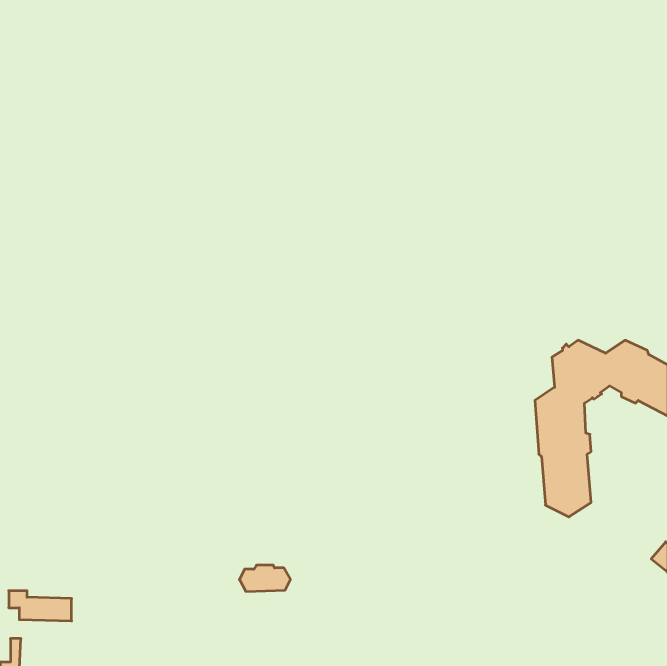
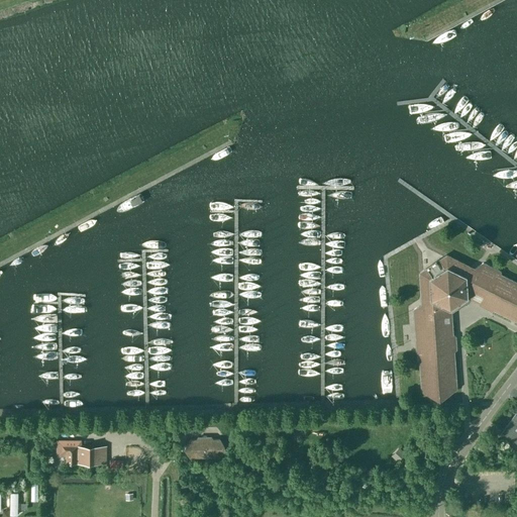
building: [9,591,72,621] -> [59,441,107,464]

